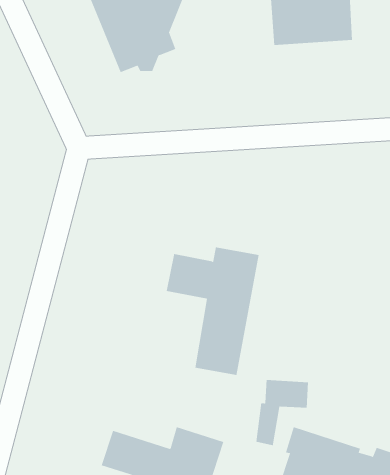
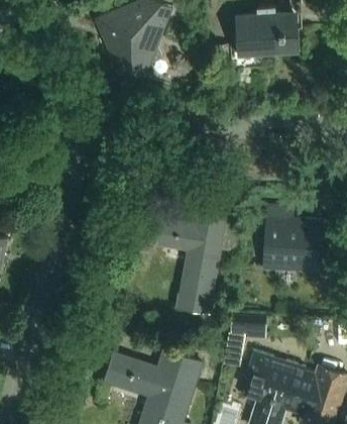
building: none -> [263,207,321,271]

